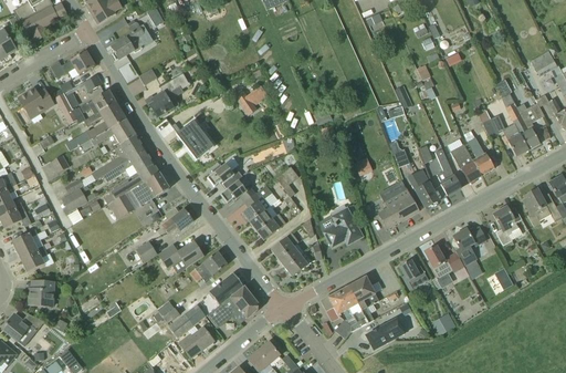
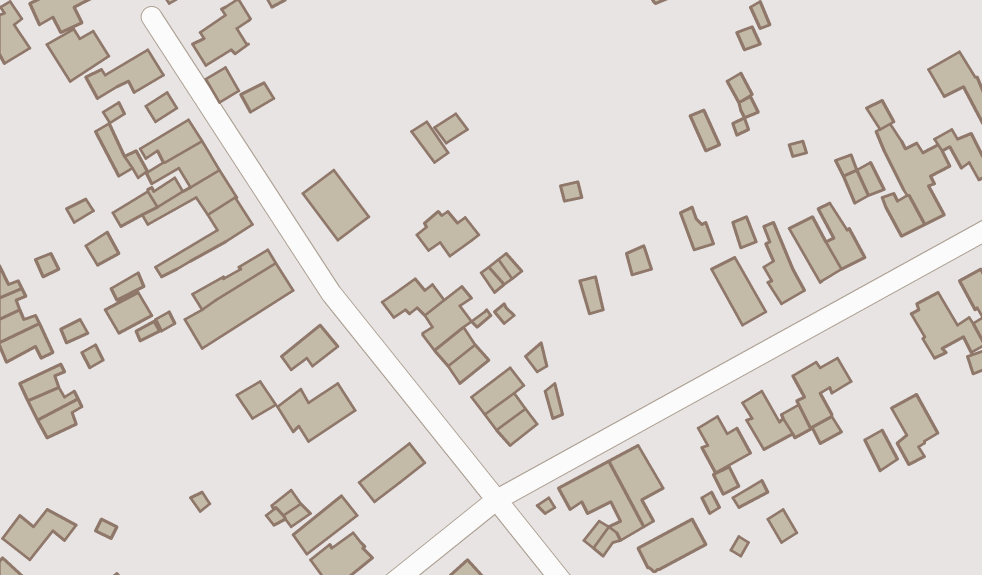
building: [145,73,190,117] -> none
building: [18,87,53,117] -> [47,29,109,81]
building: [102,149,154,183] -> none
building: [207,164,242,189] -> [417,212,479,256]
building: [377,186,419,228] -> none
building: [322,206,363,247] -> none
building: [492,206,518,246] -> [891,395,938,464]
building: [188,251,227,282] -> none
building: [28,279,54,307] -> none
building: [207,286,258,327] -> none

